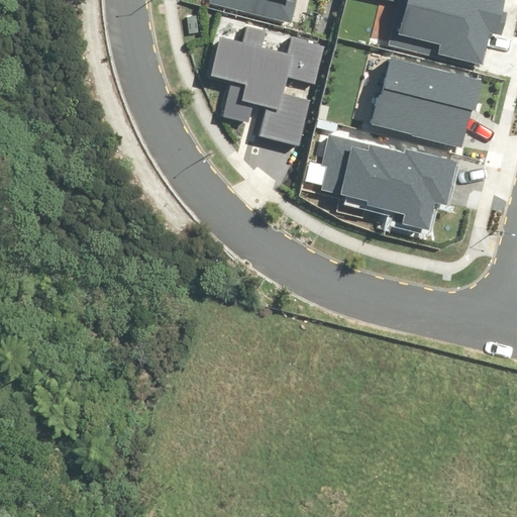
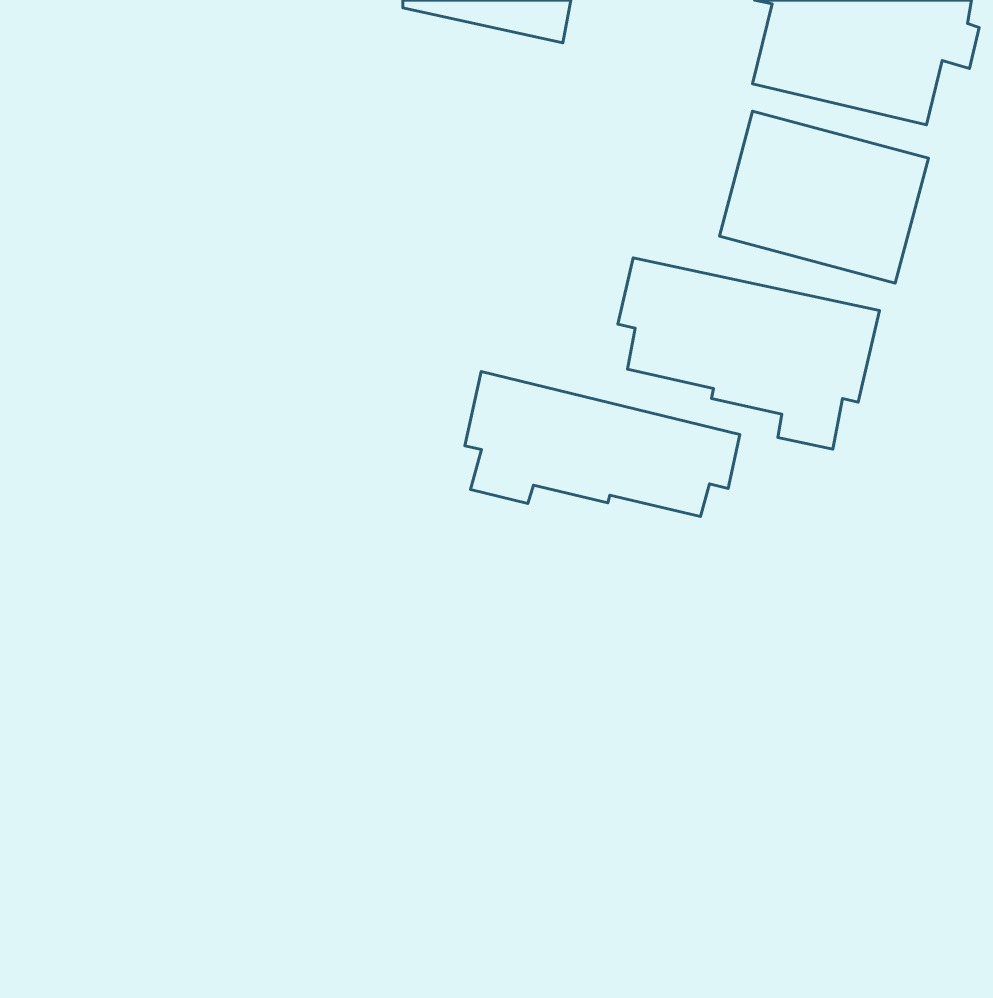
building: [213,28,325,149] -> none
building: none -> [465,372,740,516]

